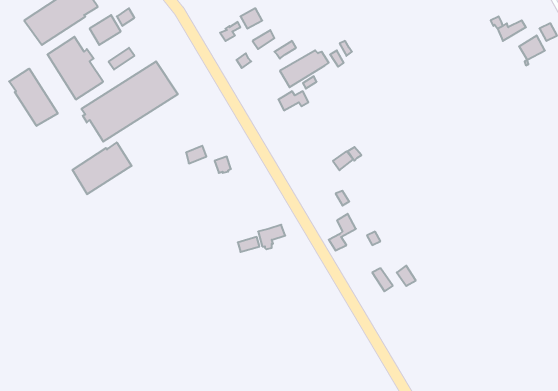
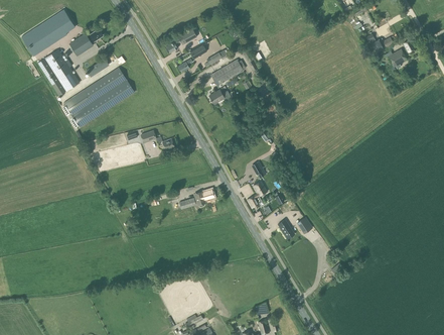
building: [9,69,58,126] -> none
building: [73,142,132,194] -> none

